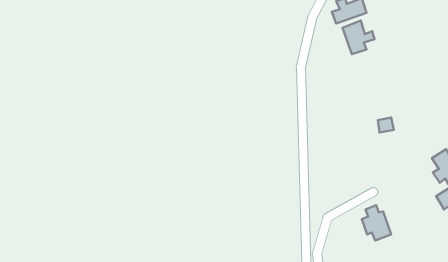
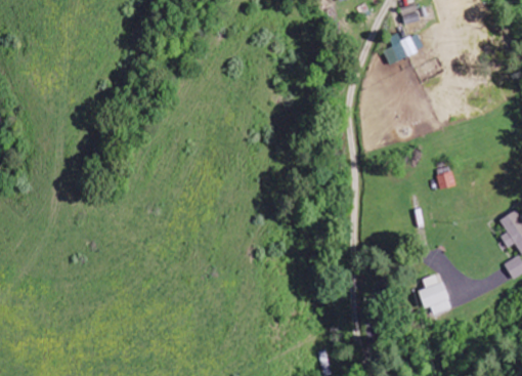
building: [342,20,375,54] -> none

